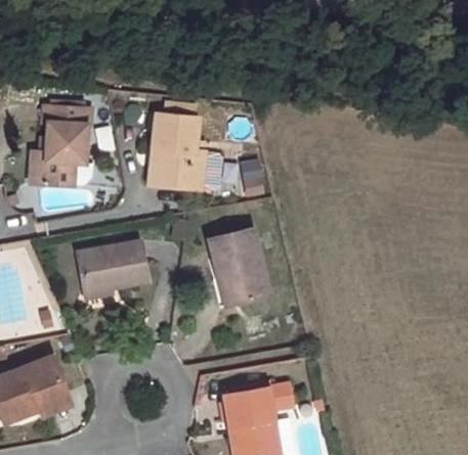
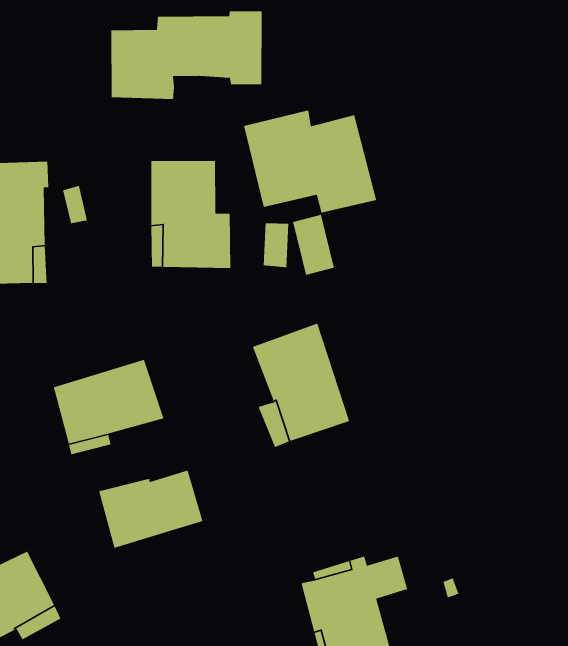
building: none -> [111,11,263,100]
building: none -> [243,109,377,214]
building: none -> [98,470,204,549]

